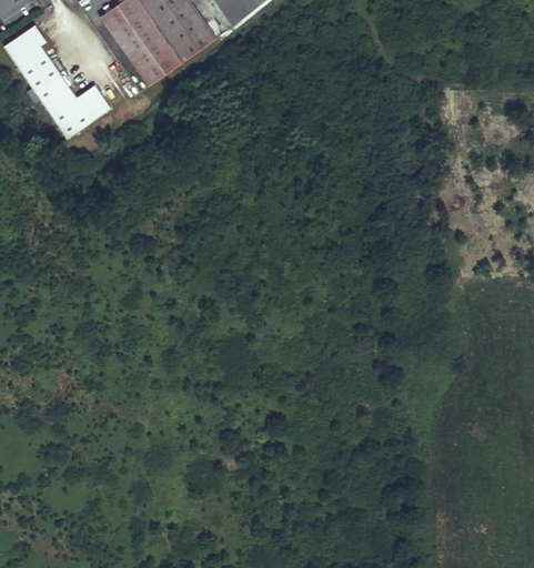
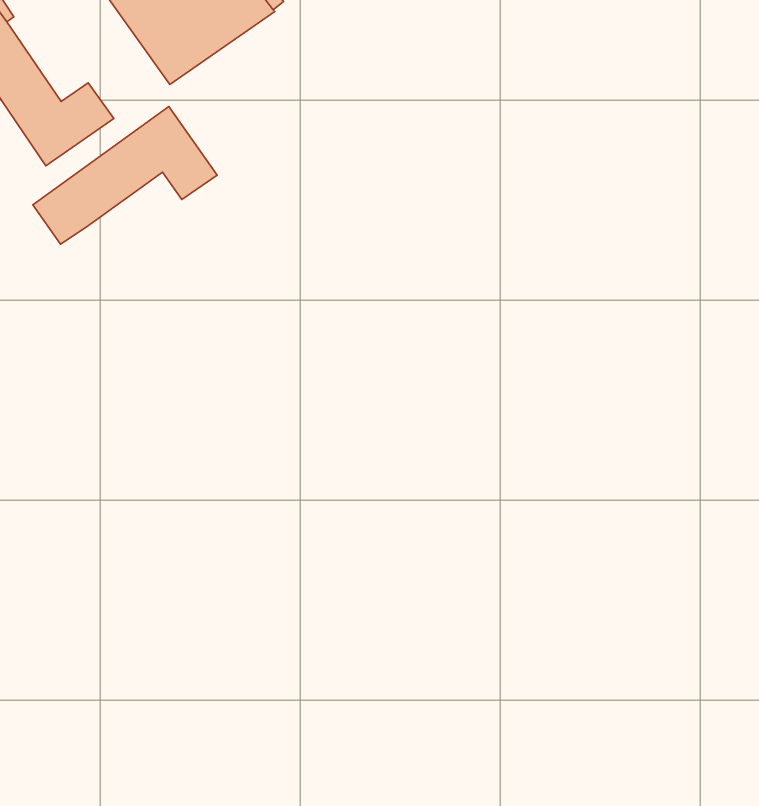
building: none -> [33,106,217,244]

